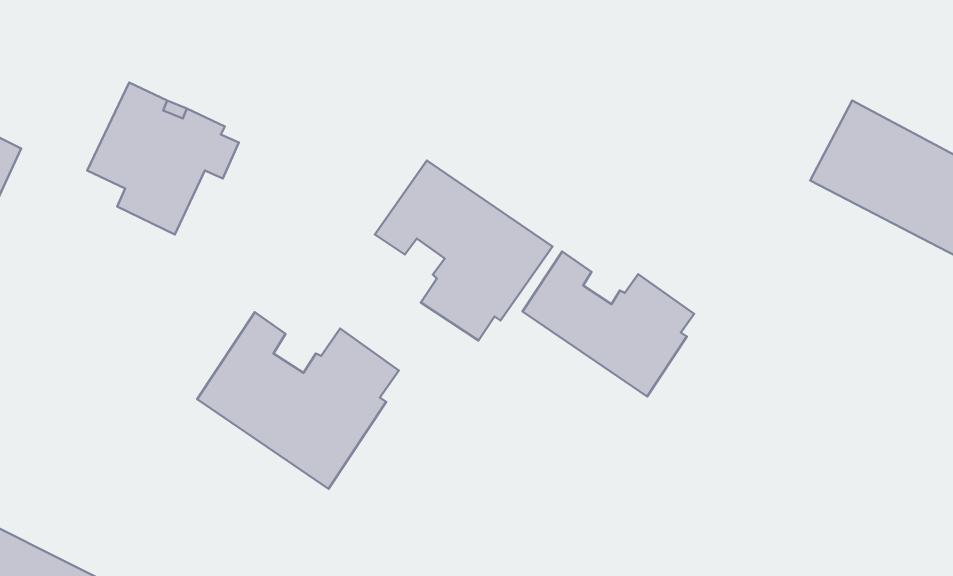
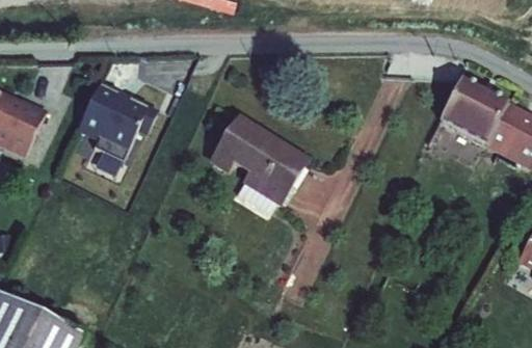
building: [523,251,694,397] -> none
building: [197,312,399,489] -> none

